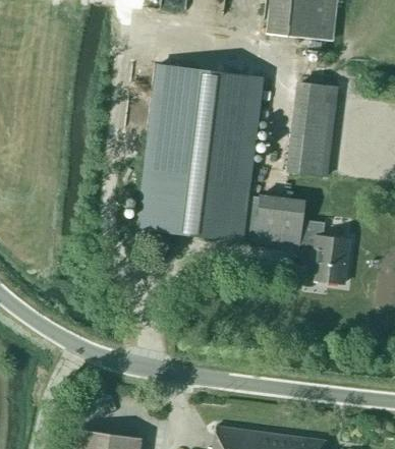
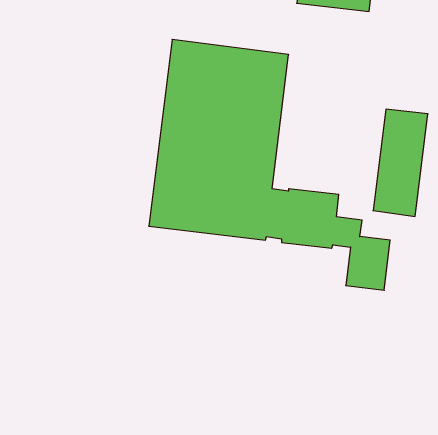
building: [290,83,338,177] -> [373,109,428,216]

